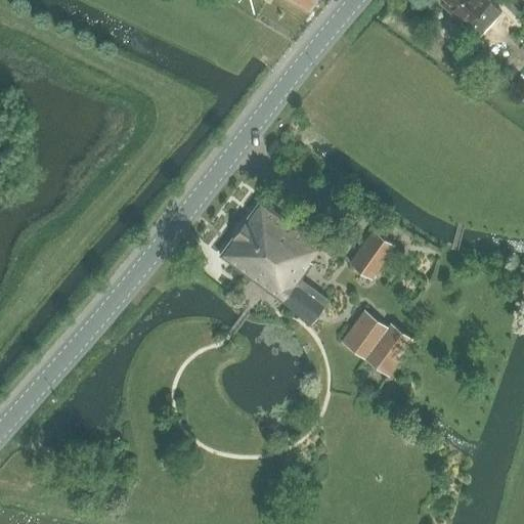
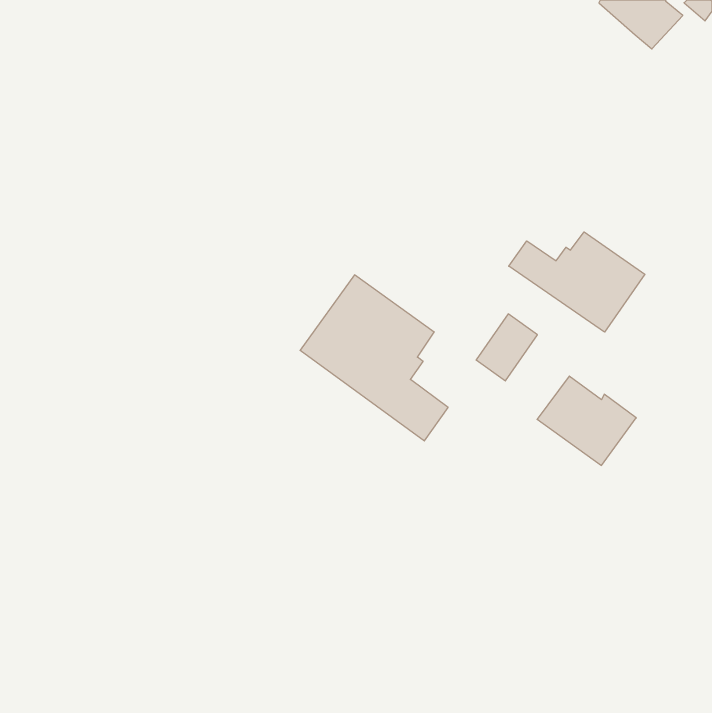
building: none -> [509,232,645,332]
building: [341,310,413,376] -> [537,376,636,465]

